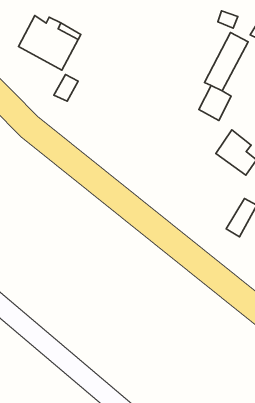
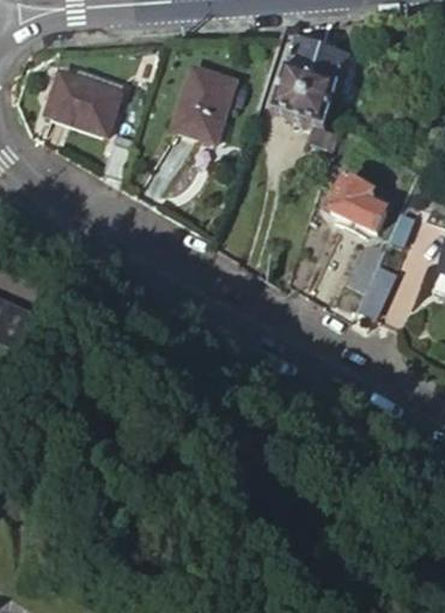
building: none -> [269,40,319,121]
building: none -> [170,67,233,144]

